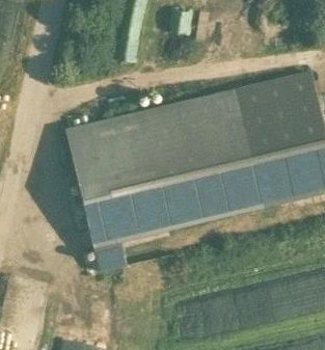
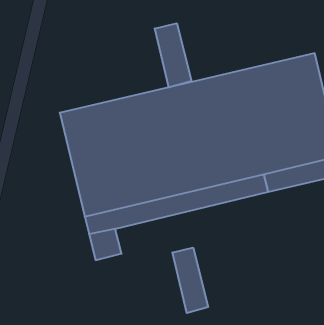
building: none -> [155,23,192,87]
building: none -> [172,248,208,313]

